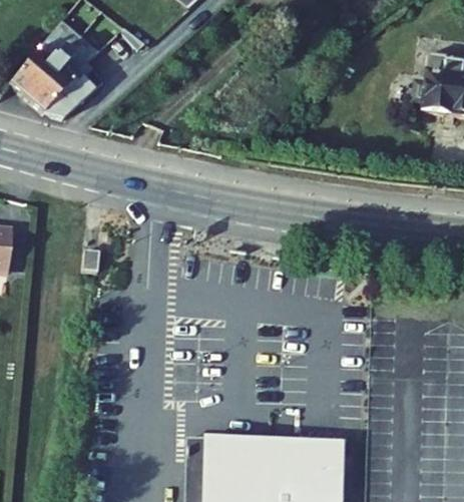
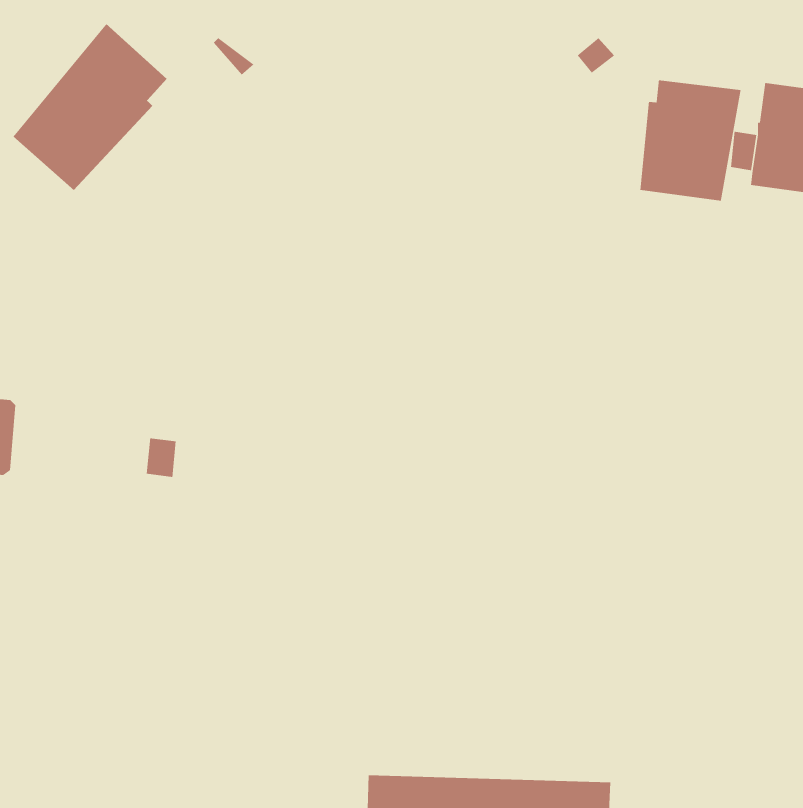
building: none -> [640,79,741,201]
building: [44,65,94,117] -> none

